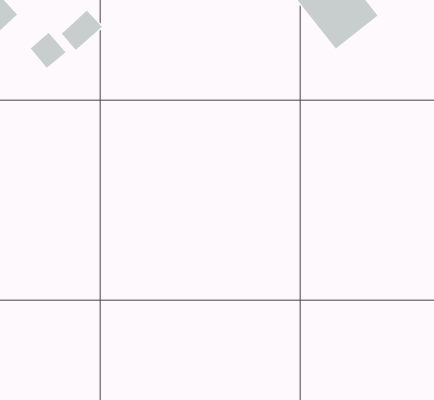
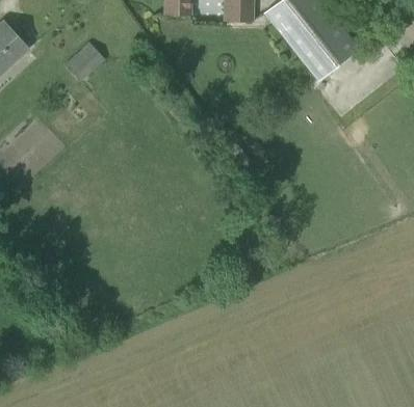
building: [30,32,66,69] -> none

